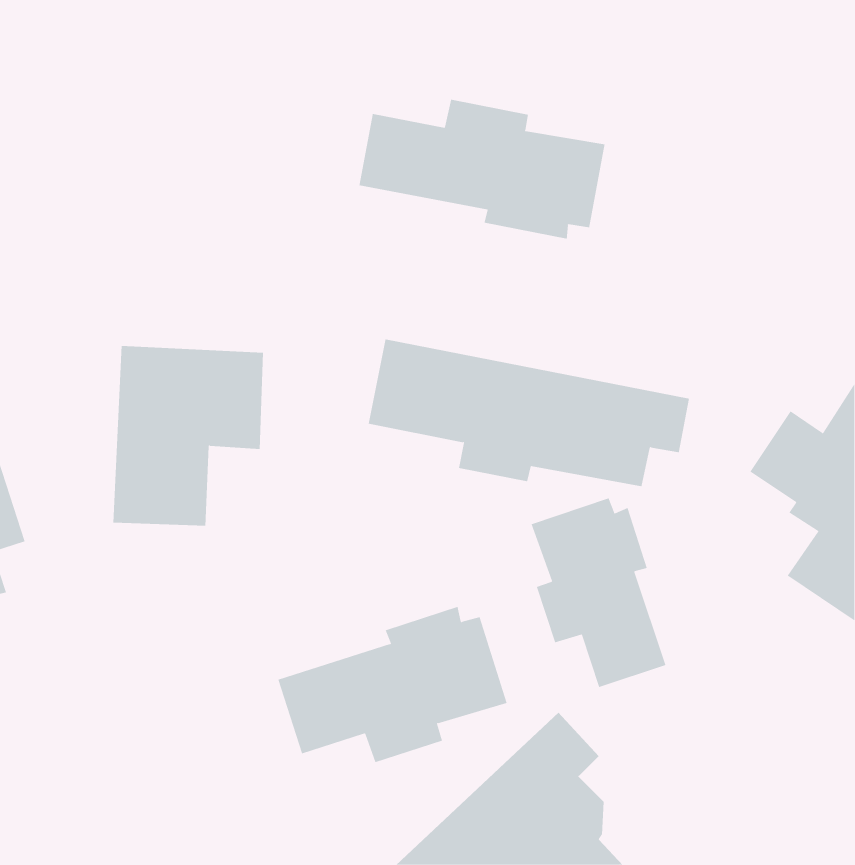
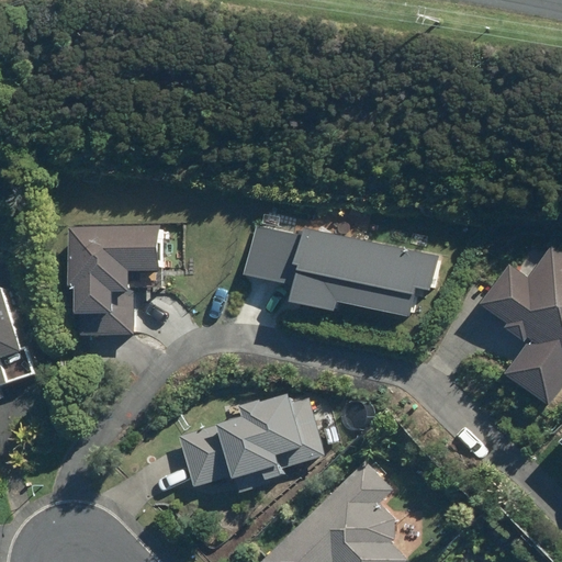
building: [359,99,605,240] -> none
building: [531,498,666,688] -> none

